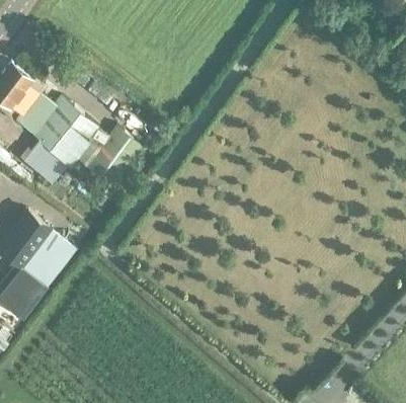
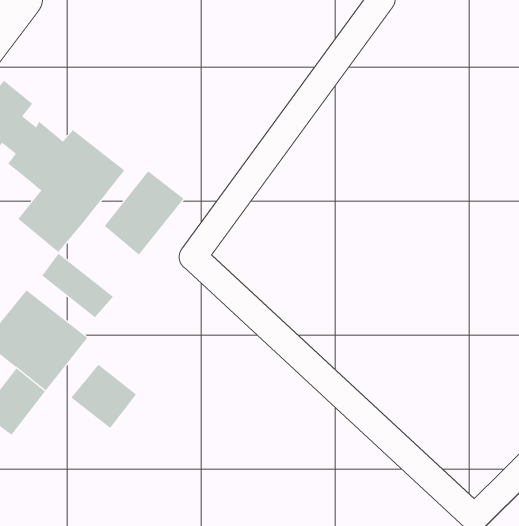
building: none -> [41,253,114,318]
building: none -> [70,364,137,429]

